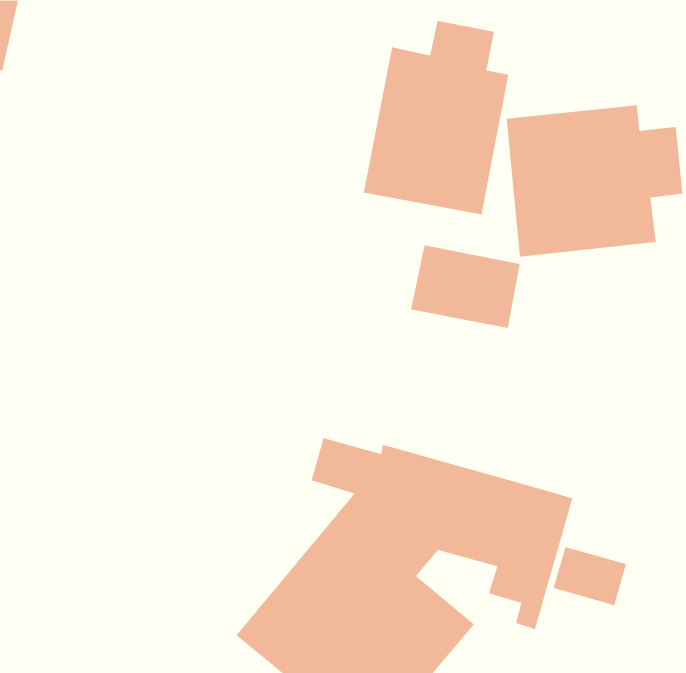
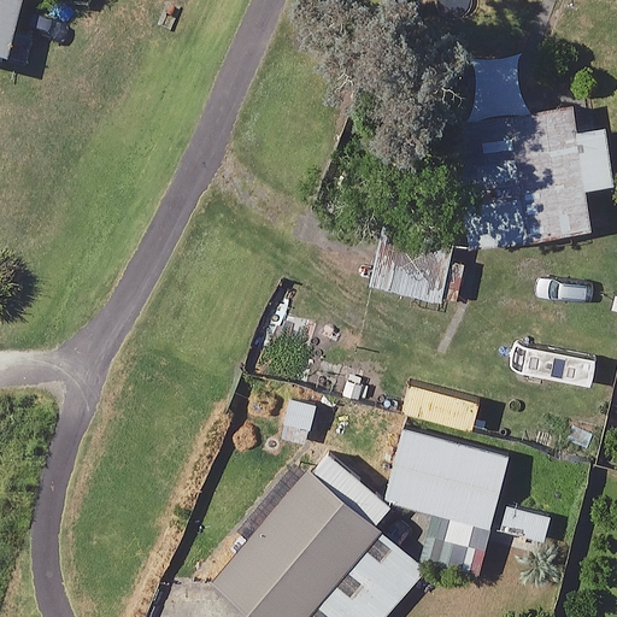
building: [363,20,509,215] -> none

